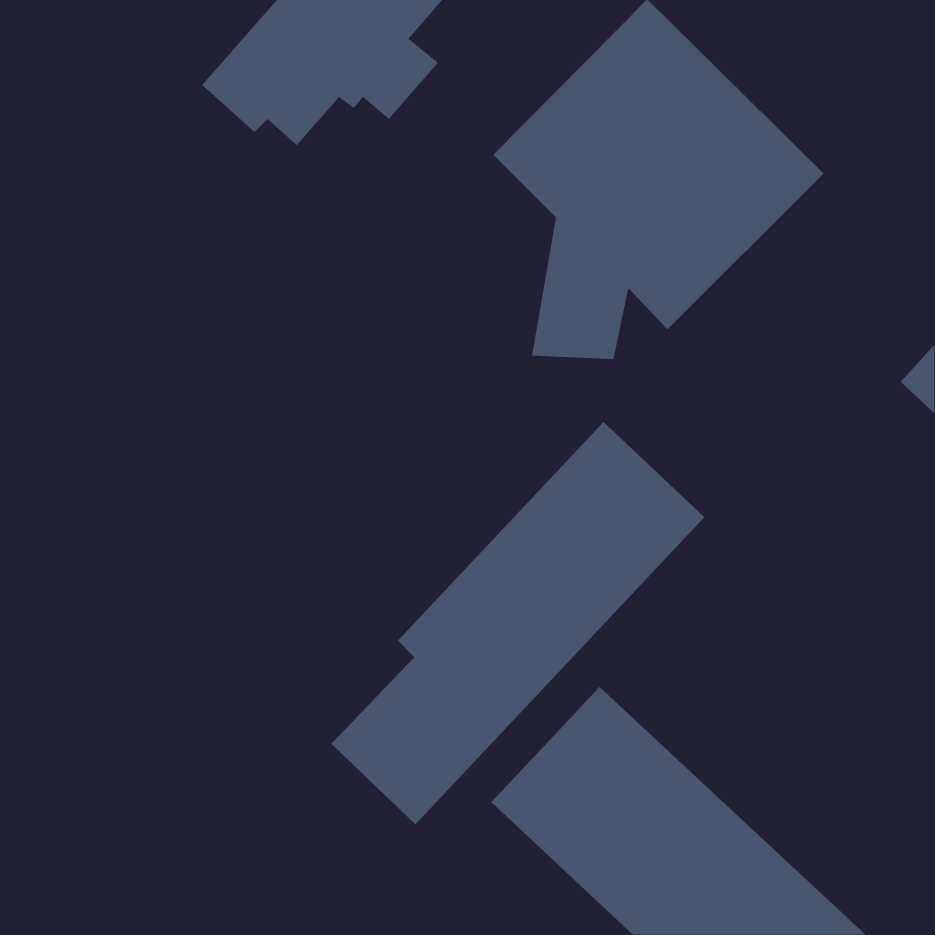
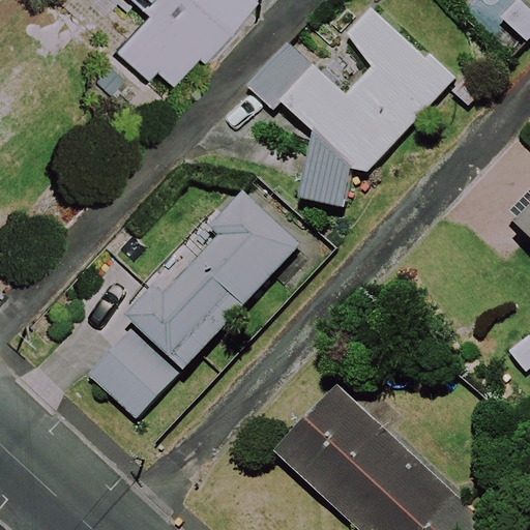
building: [331,421,705,825] -> [87,192,297,418]

